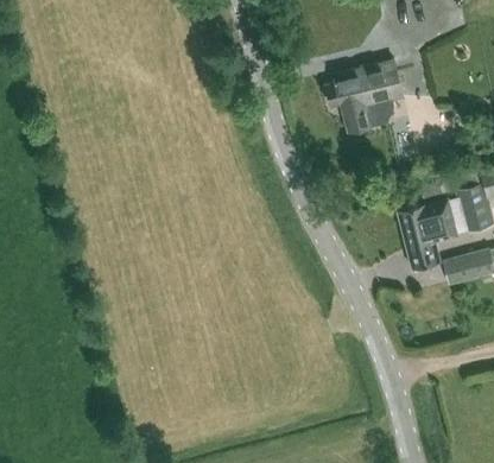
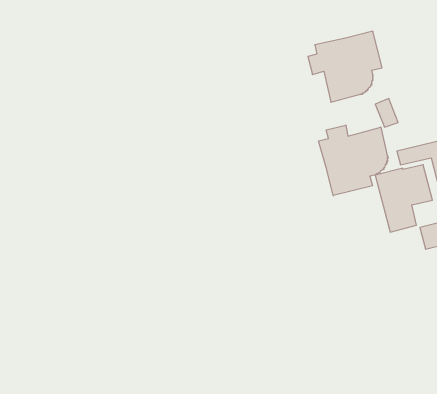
building: none -> [319,125,388,196]

